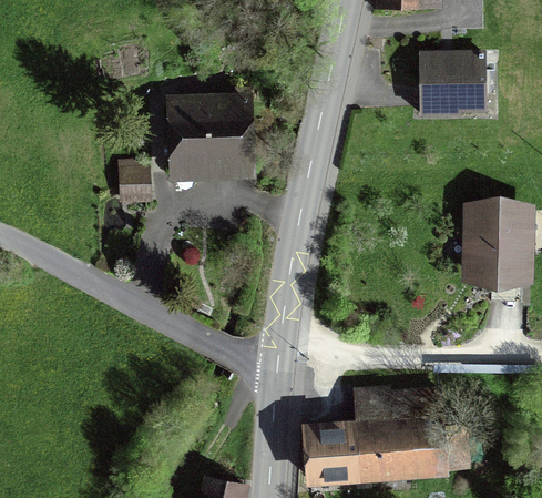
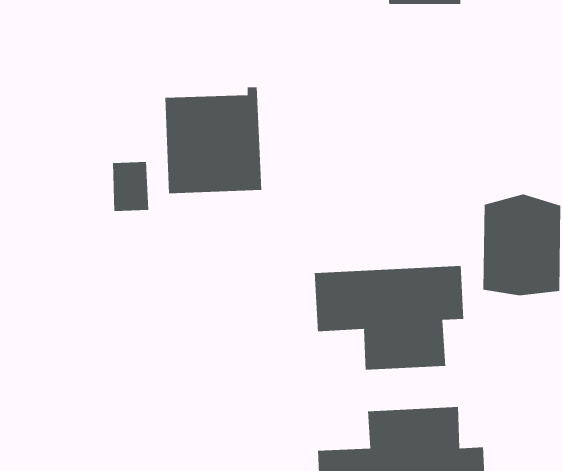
building: [418,53,487,120] -> none
building: none -> [314,265,464,370]

